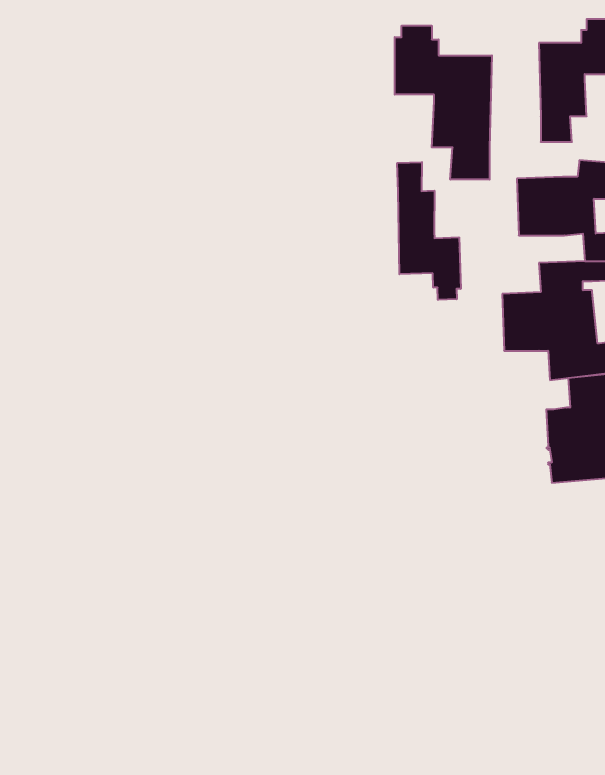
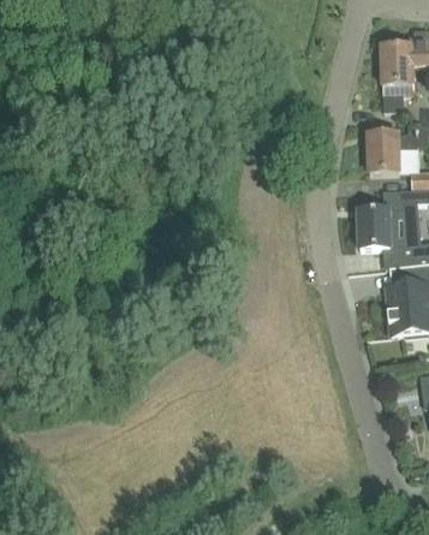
building: [395,26,492,180] -> none
building: [397,162,461,300] -> none

